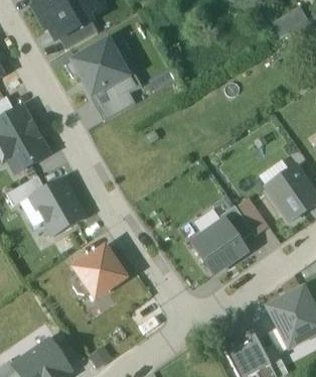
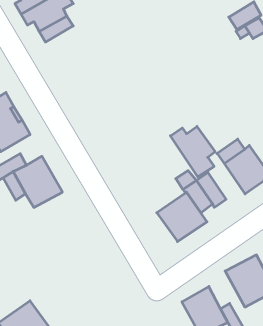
building: [65,38,142,119] -> none
building: none -> [170,126,215,177]
building: [72,247,125,296] -> none

